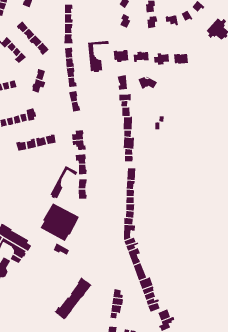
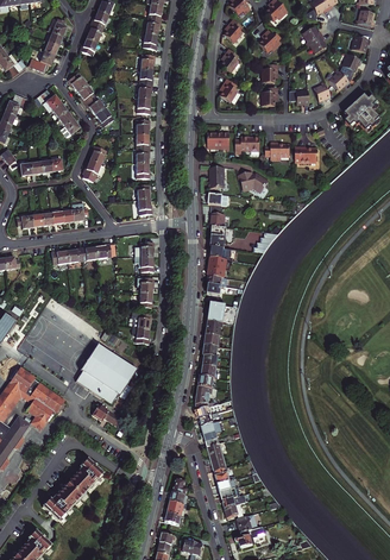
building: [87,40,109,73] -> none
building: [50,165,78,199] -> none
building: [53,276,92,320] -> [40,458,101,520]

